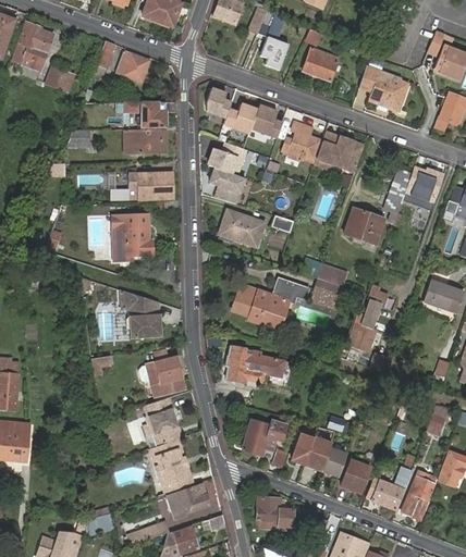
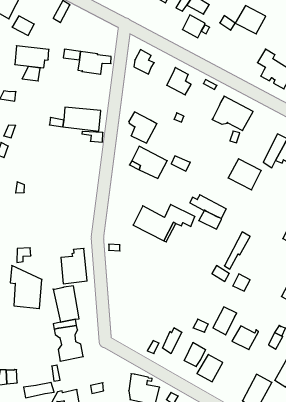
building: [302,47,339,81] -> [235,6,266,34]
building: [115,51,148,82] -> none
building: [223,103,257,133] -> none
building: [282,121,321,161] -> none
building: [124,128,167,153] -> [15,46,49,68]
building: [208,143,245,175] -> none
building: [109,212,150,261] -> none
building: [119,286,161,336] -> [10,266,42,309]
building: [224,346,285,386] -> none
building: [243,420,287,456] -> none
building: [304,436,331,471] -> [213,307,237,335]
building: [371,481,403,509] -> [232,326,258,350]
building: [168,485,209,520] -> none

